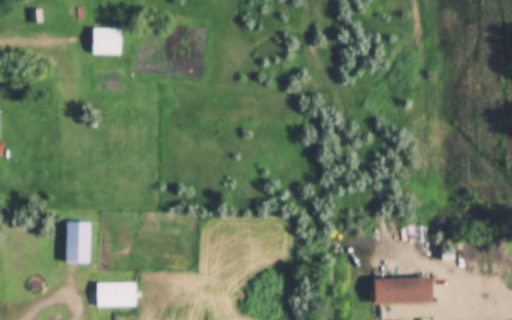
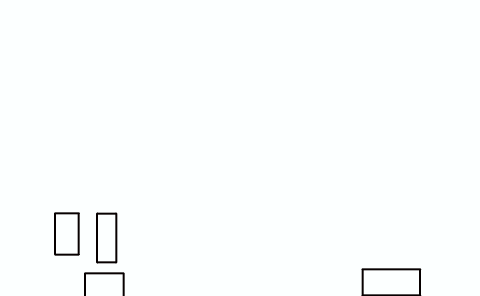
building: [93,28,121,55] -> none
building: none -> [97,213,116,263]

